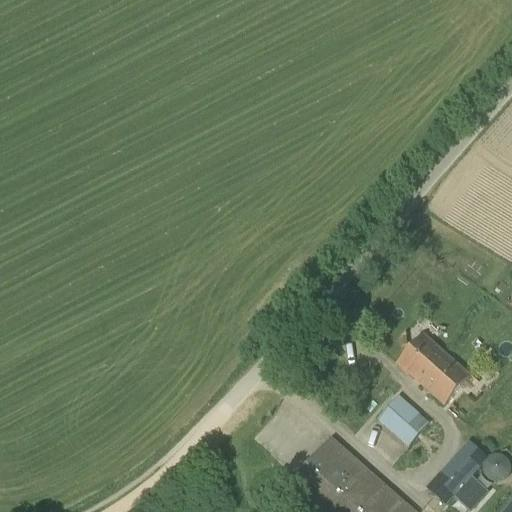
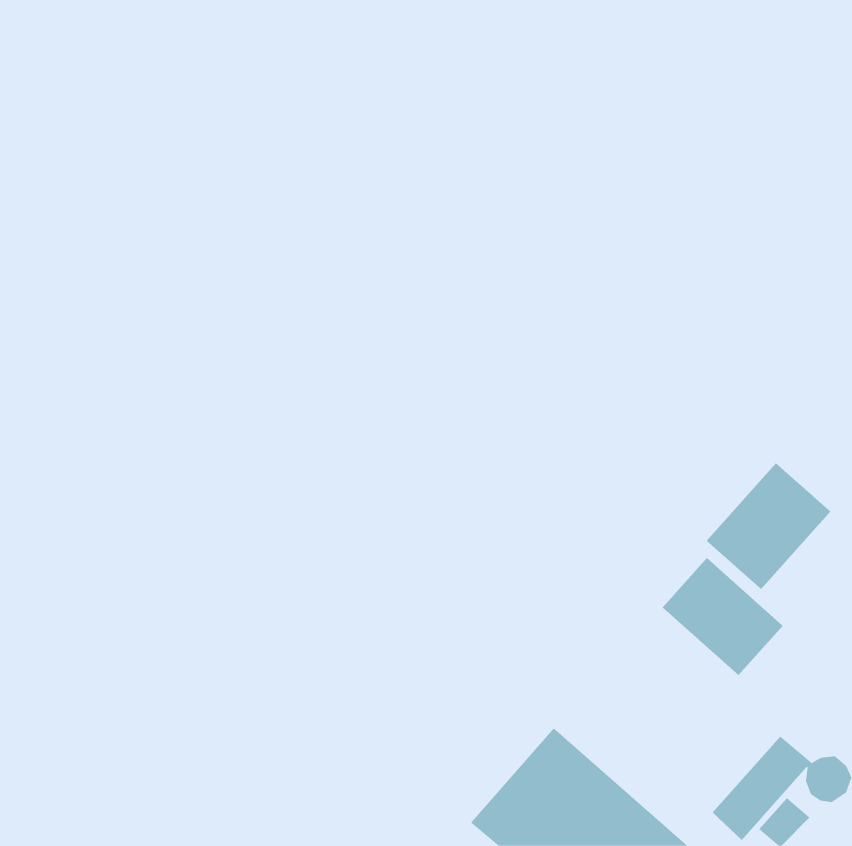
building: none -> [706,462,831,590]
building: [377,395,434,446] -> none

